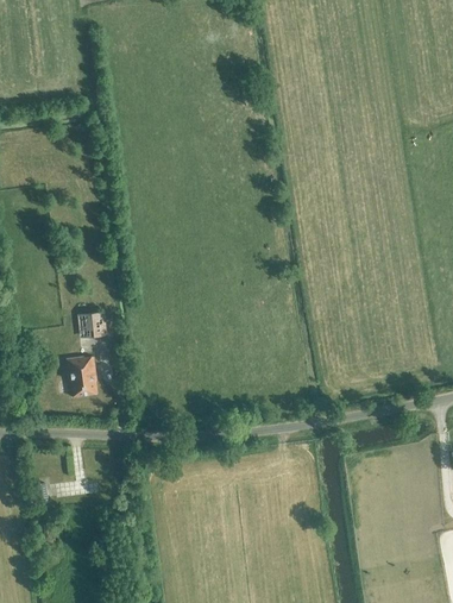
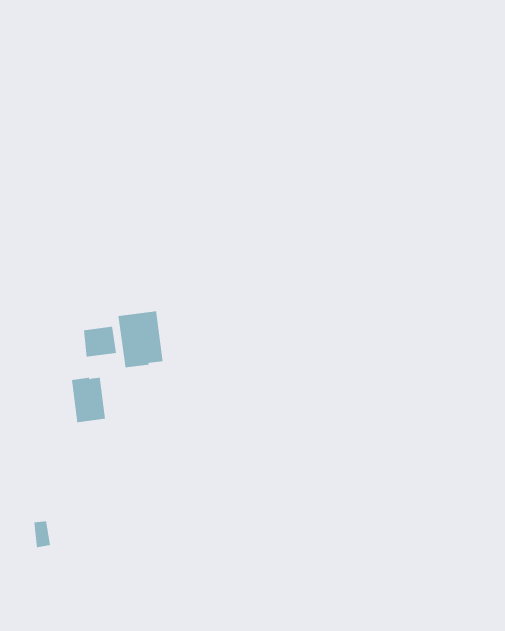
building: none -> [118,311,163,368]

